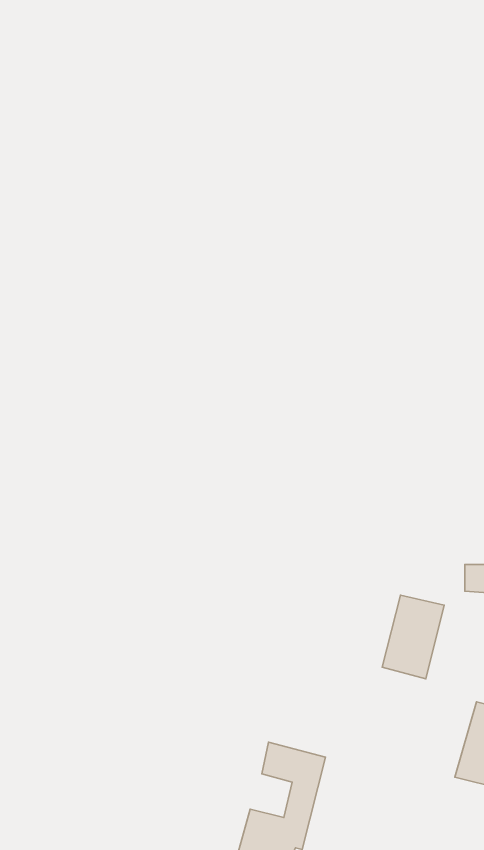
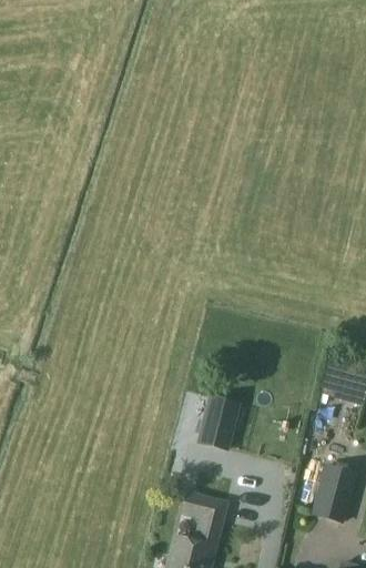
building: [382,595,444,679] -> [199,393,240,448]

